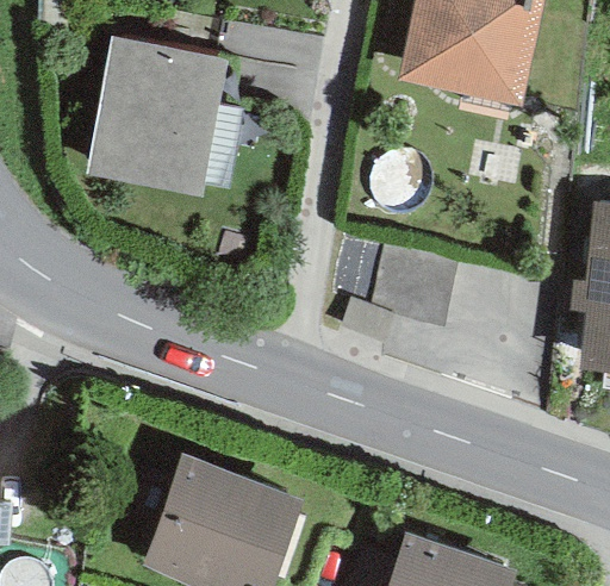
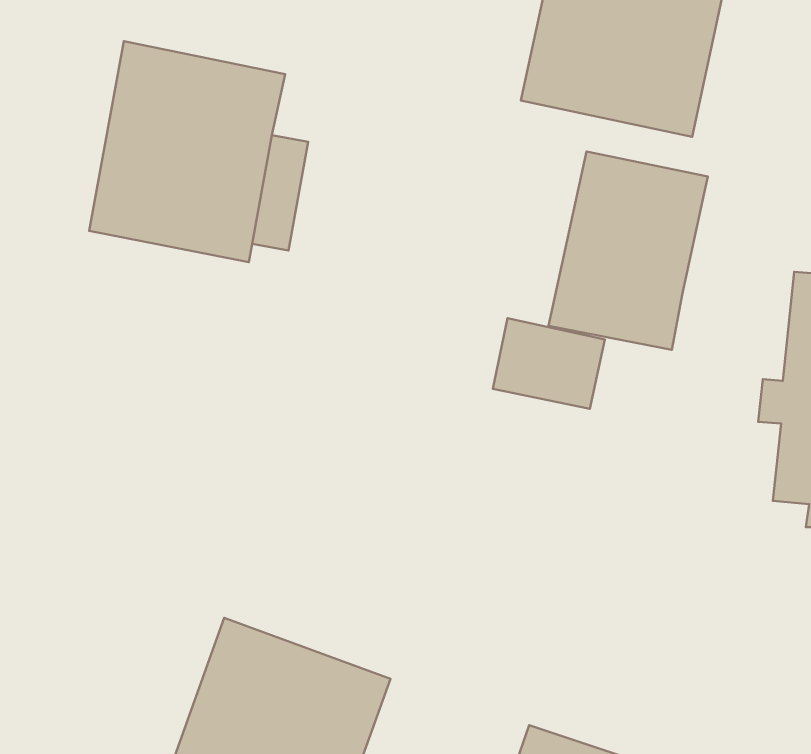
building: none -> [549,152,708,350]

